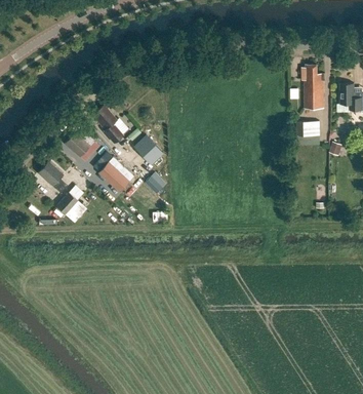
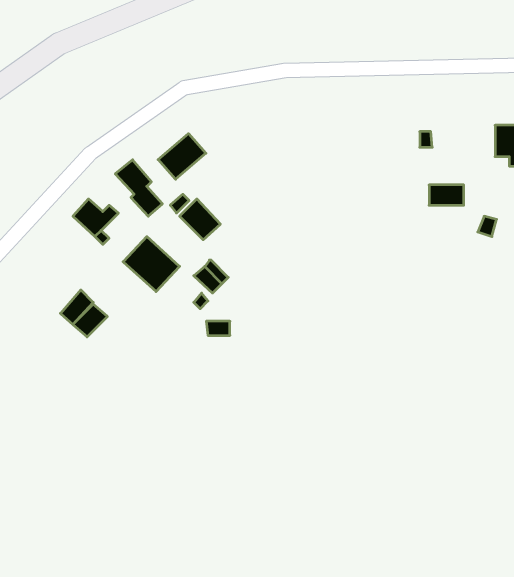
building: [302,65,326,109] -> none
building: none -> [158,134,206,179]
building: [39,162,69,193] -> none

